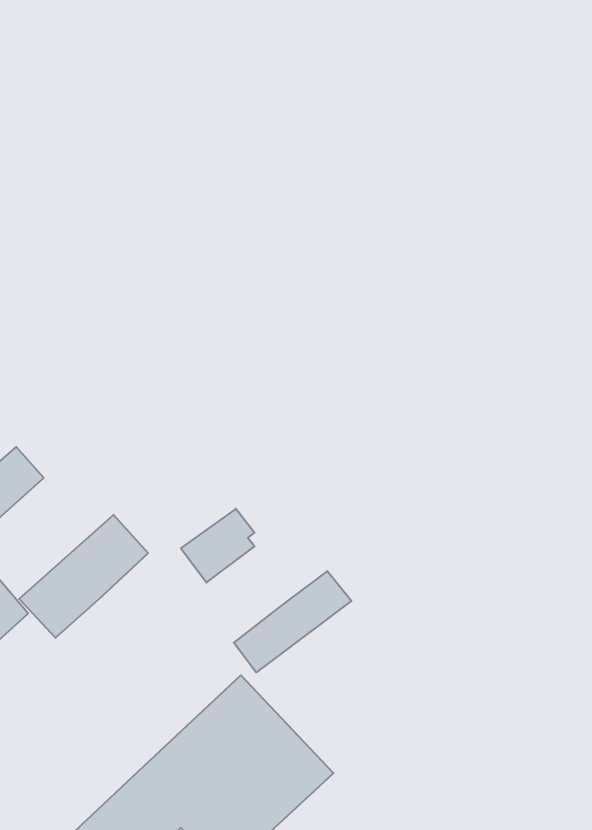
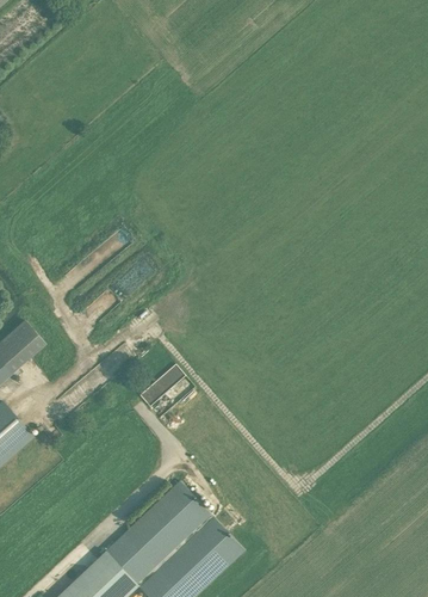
building: [19,515,148,638] -> none
building: [234,571,351,672] -> none

